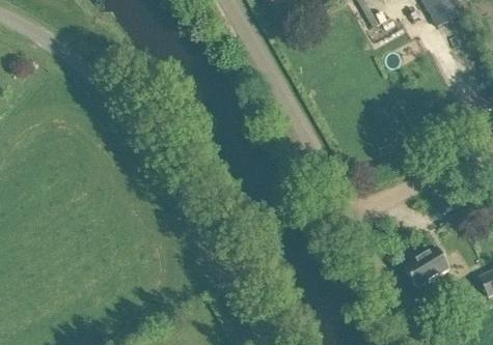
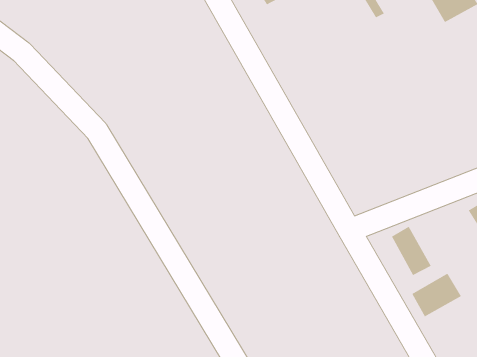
building: none -> [391,226,432,276]

